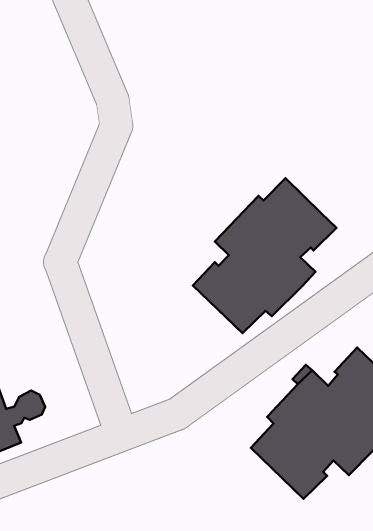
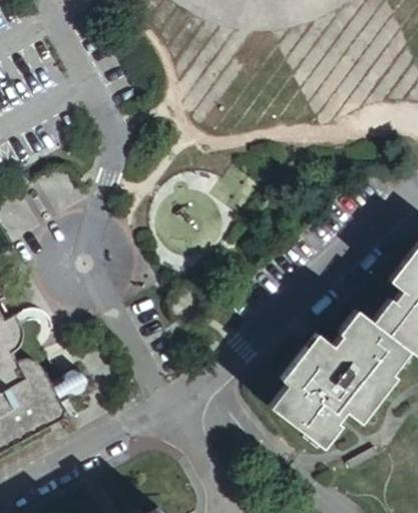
building: [193,178,336,333] -> none

